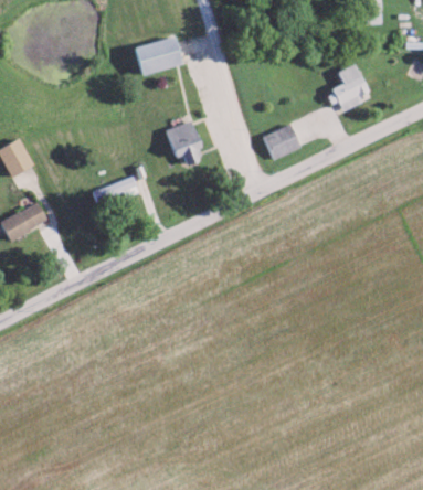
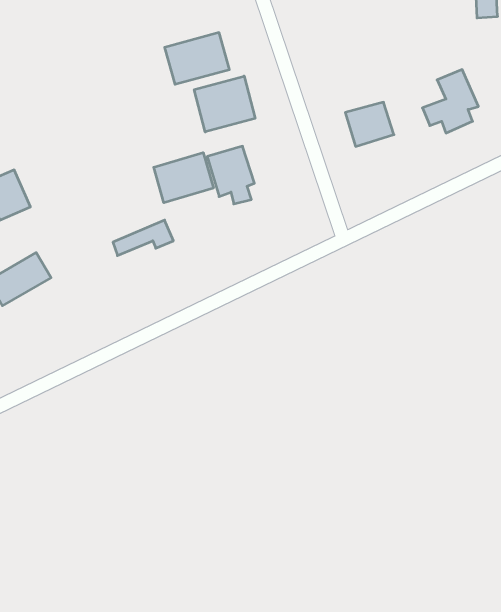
building: none -> [194,76,255,132]
building: [264,126,300,159] -> [345,102,394,146]
building: none -> [154,153,213,203]

